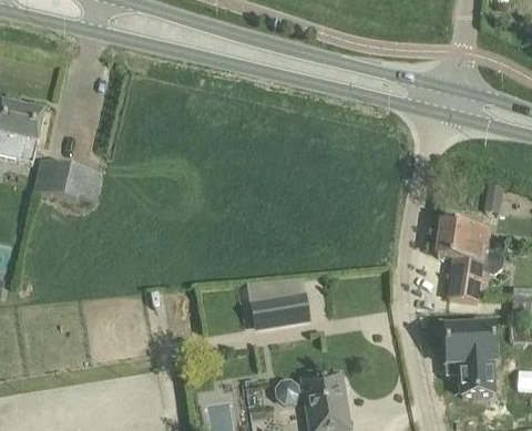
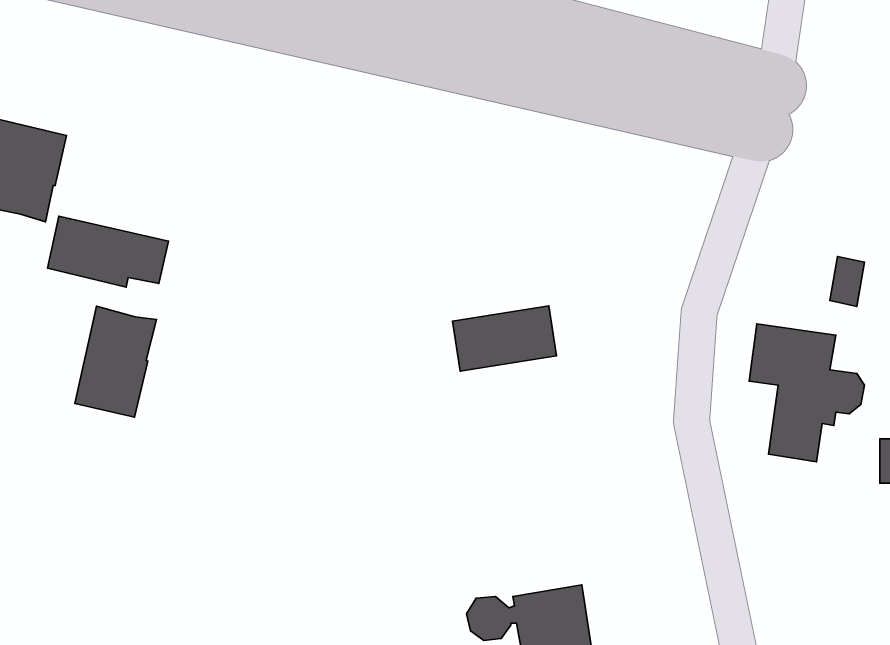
building: none -> [75,306,156,417]
building: [252,290,311,328] -> [453,306,556,371]
building: [446,325,495,391] -> none

